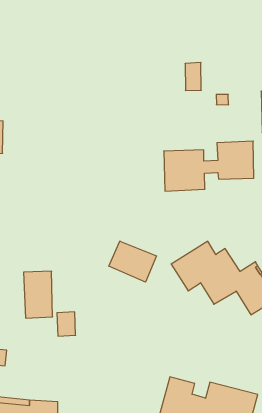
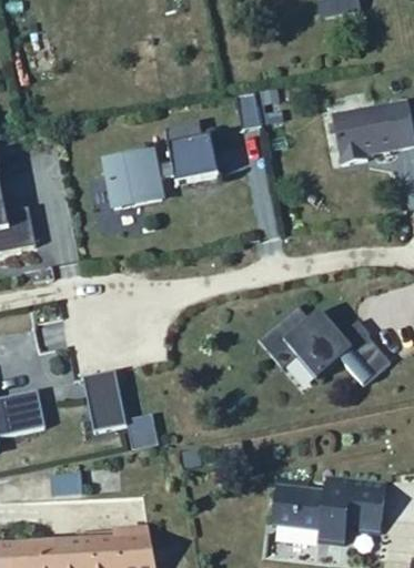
building: [164,141,254,191] -> [105,132,219,209]
building: [109,241,157,282] -> none

